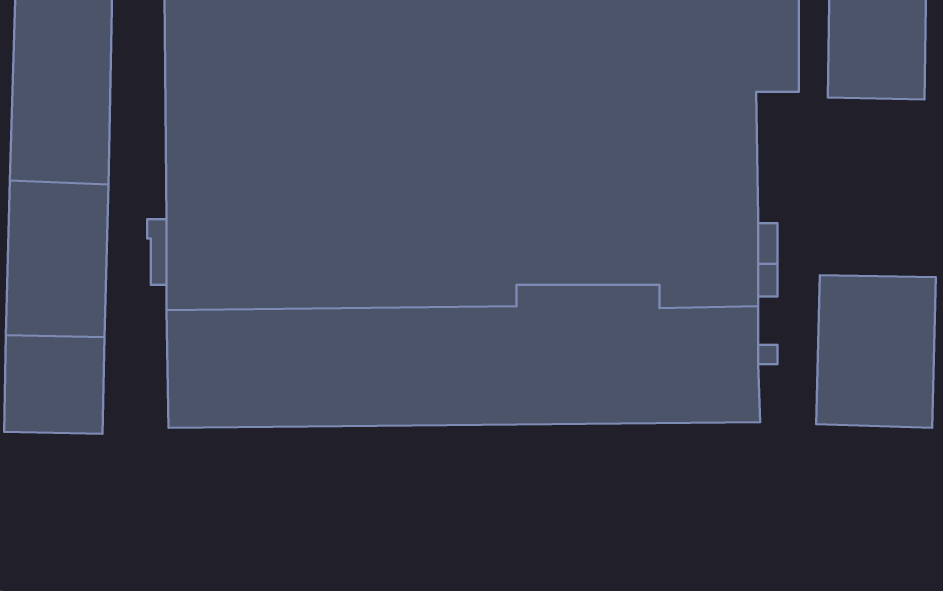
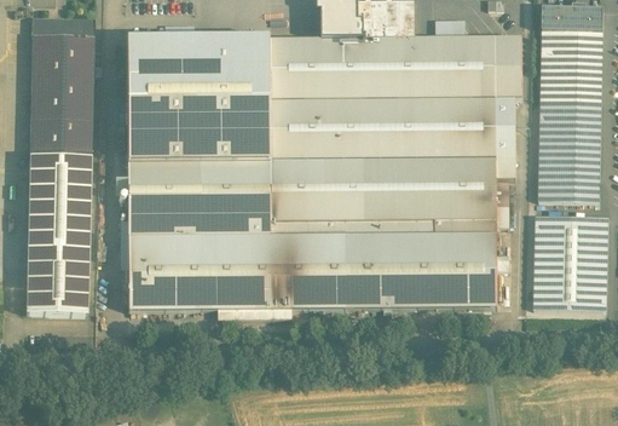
building: none -> [497,97,518,175]
building: none -> [539,100,602,198]

